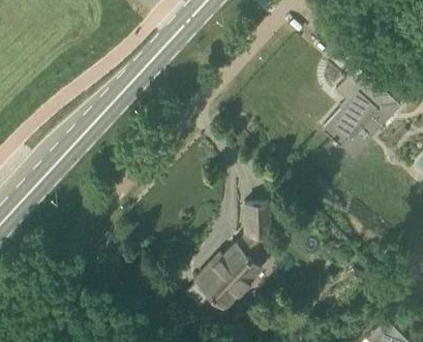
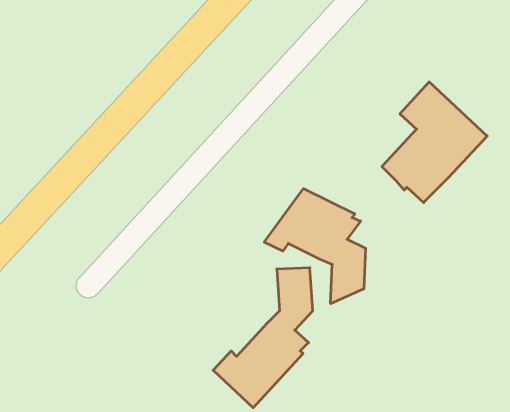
building: none -> [264,189,366,304]

